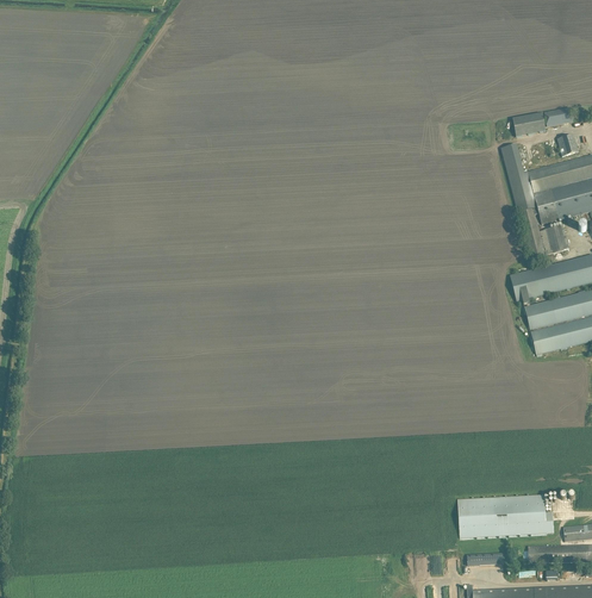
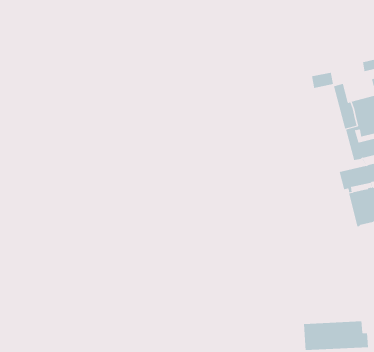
building: [512,113,546,137] -> [311,72,334,88]

